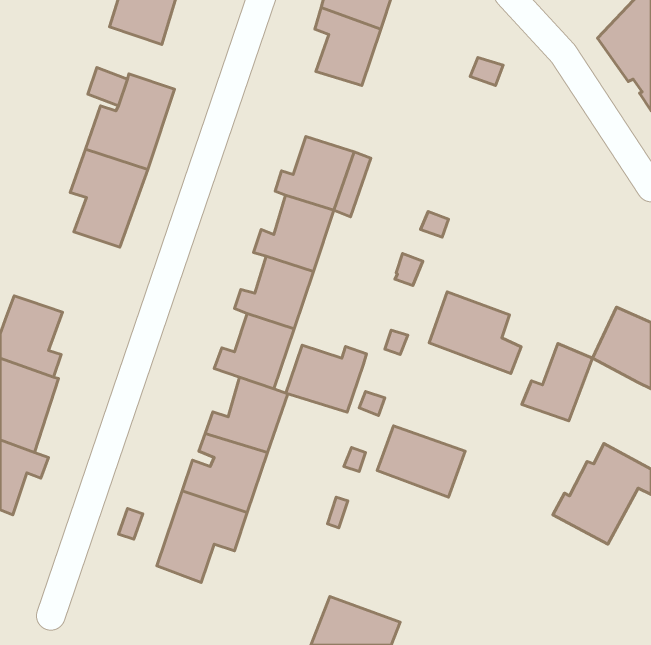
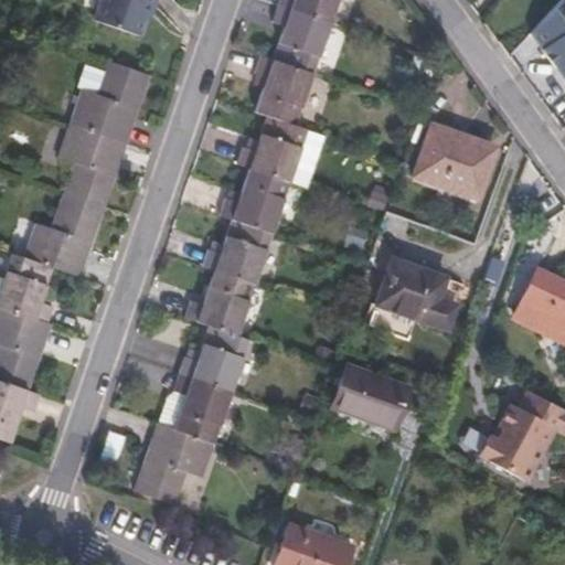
building: none -> [256,57,313,128]
building: none -> [413,121,487,194]
building: none -> [25,201,104,280]
building: [522,343,592,421] -> none
building: [286,345,366,412] -> none

